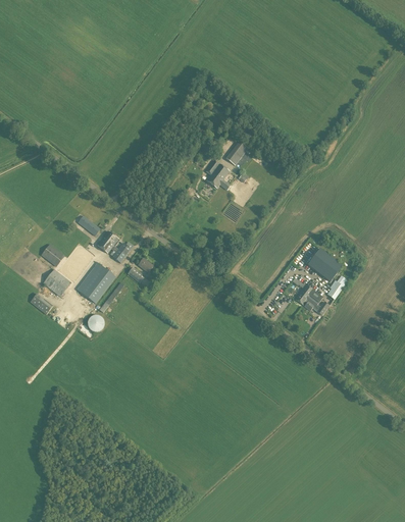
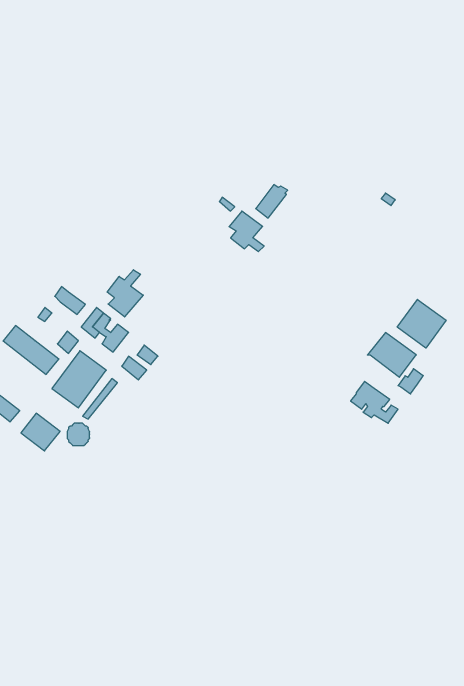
building: none -> [107,270,143,317]
building: none -> [397,299,446,348]
building: [42,269,70,297] -> [21,413,60,451]

